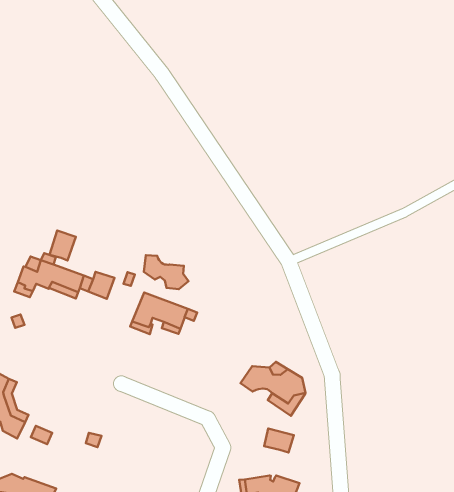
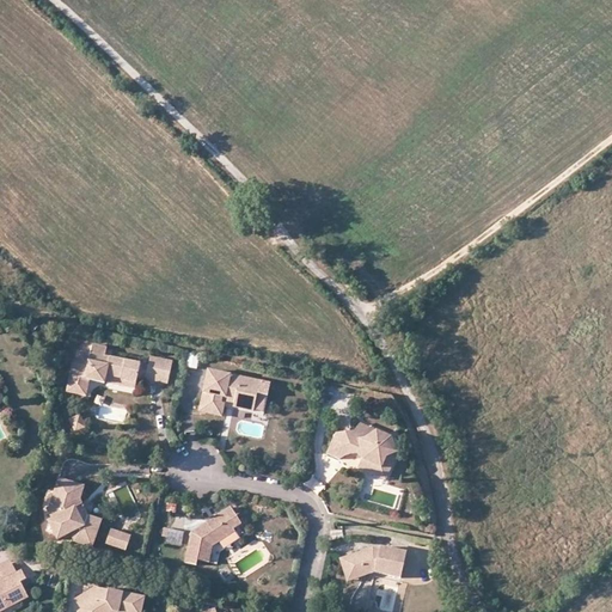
building: [50,231,76,260] -> none
building: [144,255,188,289] -> none
building: none -> [184,508,241,564]
building: [264,429,294,452] -> none

